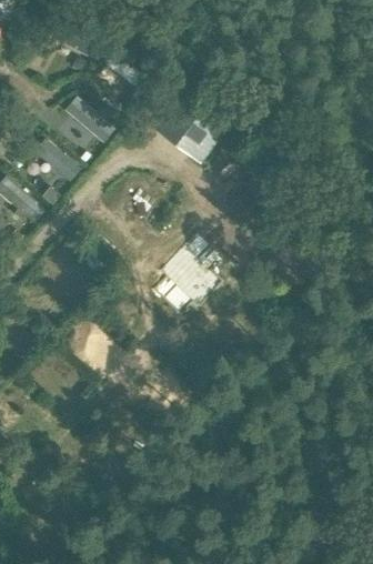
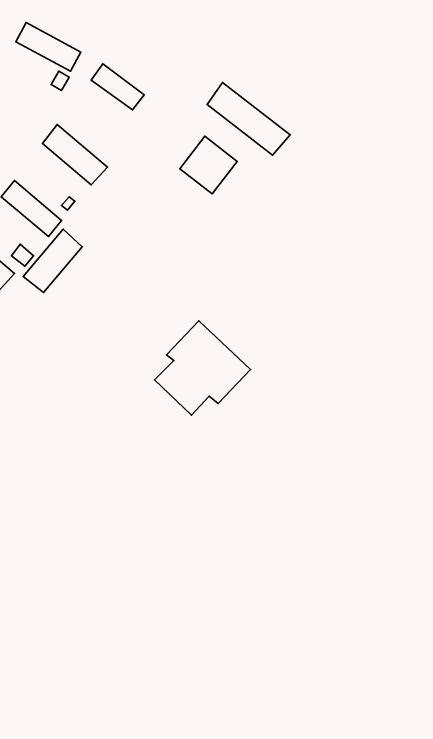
building: none -> [207,83,290,155]
building: none -> [23,229,82,293]

